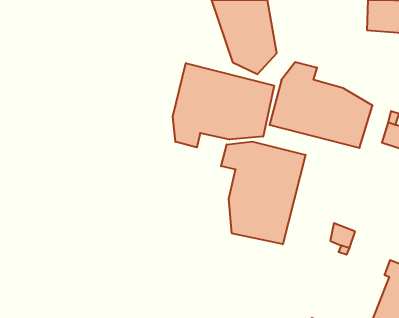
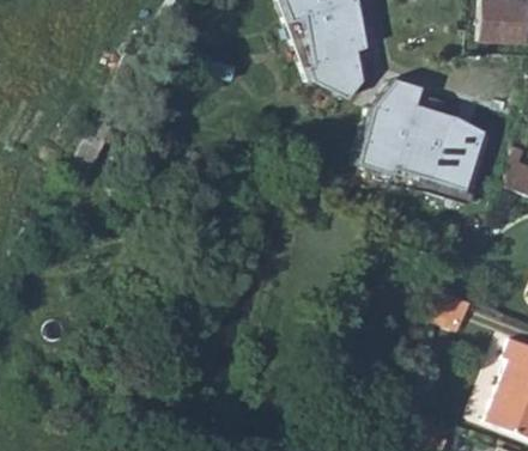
building: [173,63,274,147] -> none
building: [221,142,306,244] -> none

